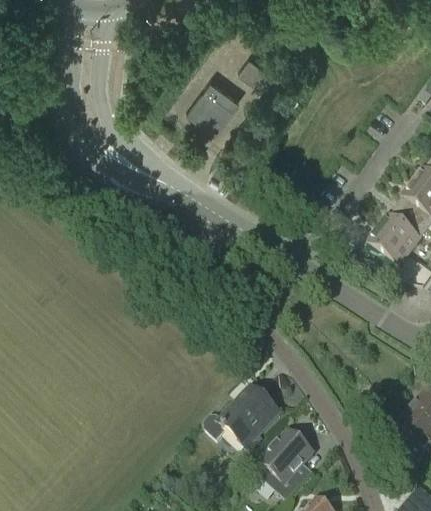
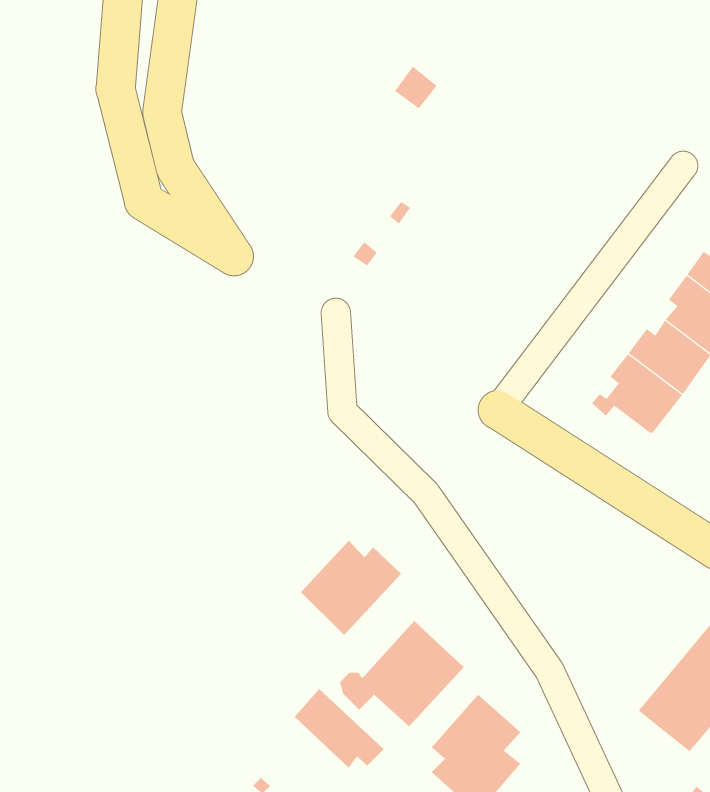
building: [188,76,241,129] -> none
building: none -> [300,540,402,636]
building: none -> [294,688,384,768]

